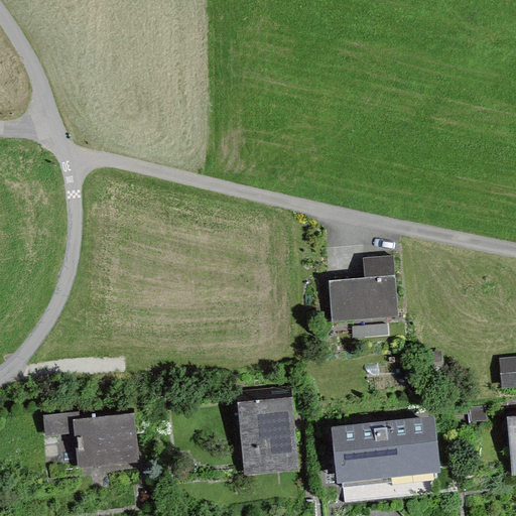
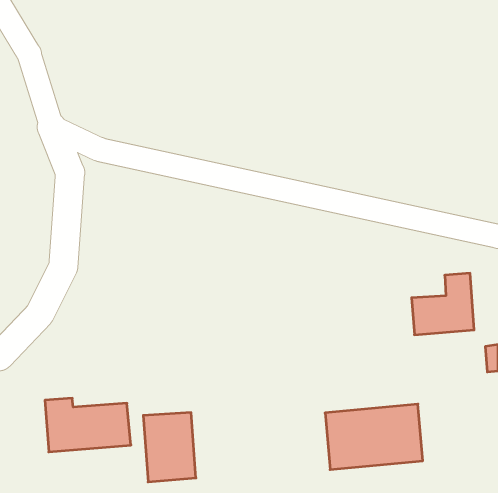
building: [331,257,395,320] -> [412,273,474,335]
building: [240,398,294,470] -> [143,413,196,482]

